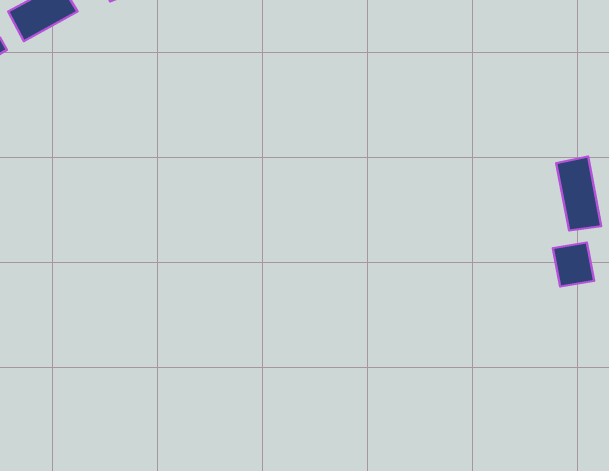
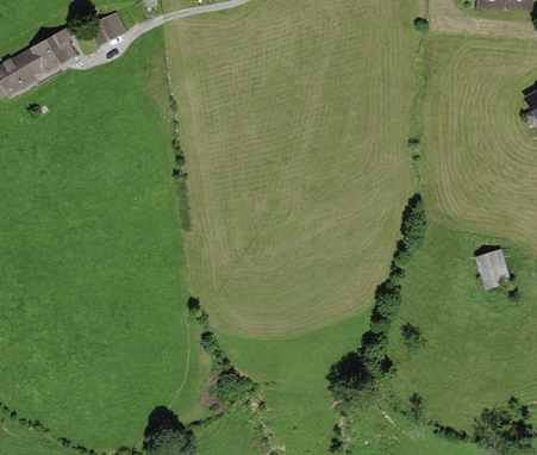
building: [556,156,601,231] -> none

